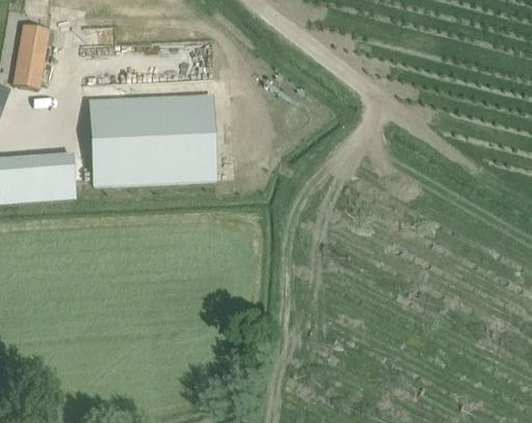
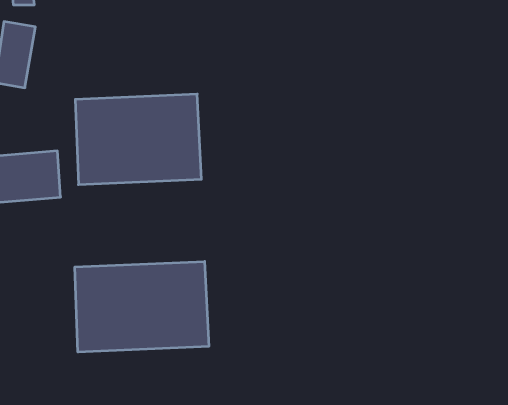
building: none -> [75,261,209,352]

